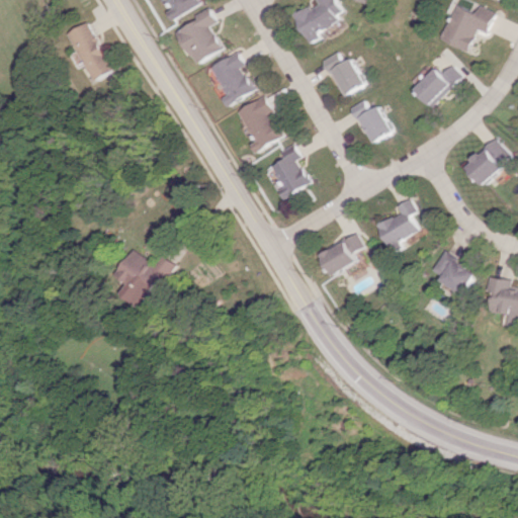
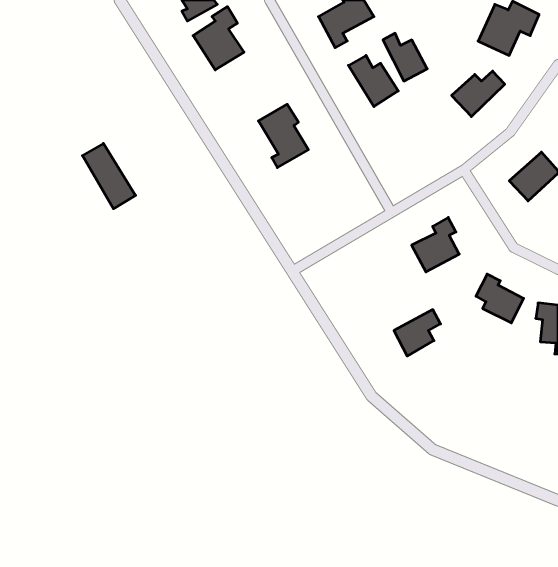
building: [64,21,112,81] -> [82,143,136,209]
building: [208,51,252,106] -> none
building: [350,99,391,143] -> [383,33,427,81]
building: [271,147,309,197] -> none
building: [321,233,363,275] -> [394,310,441,356]
building: [115,249,172,308] -> none

